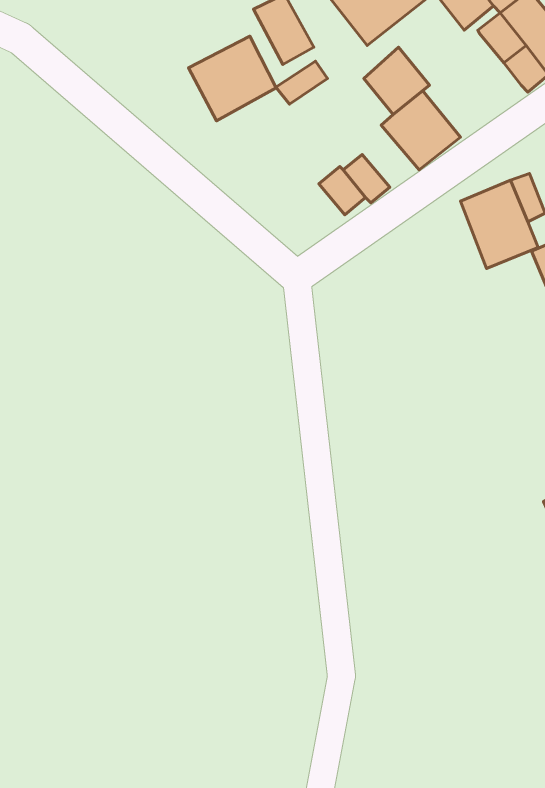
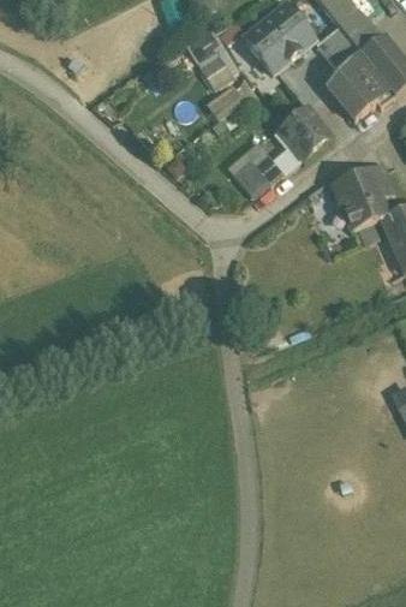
building: none -> [328,65,375,118]
building: [189,36,276,121] -> none

